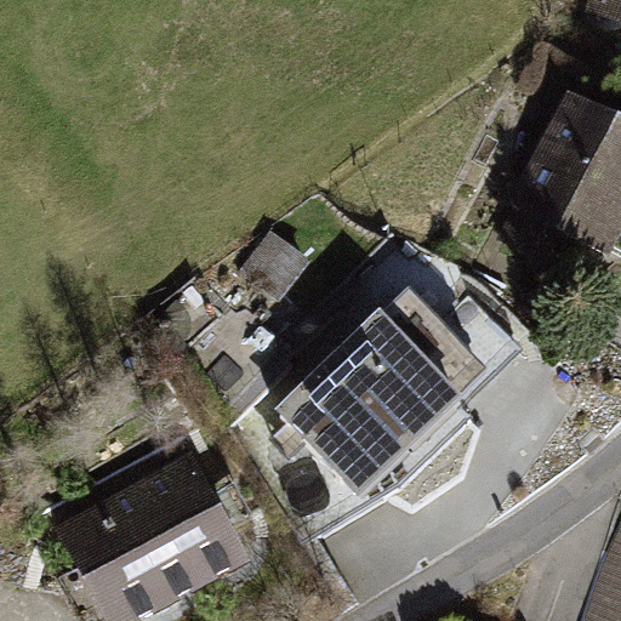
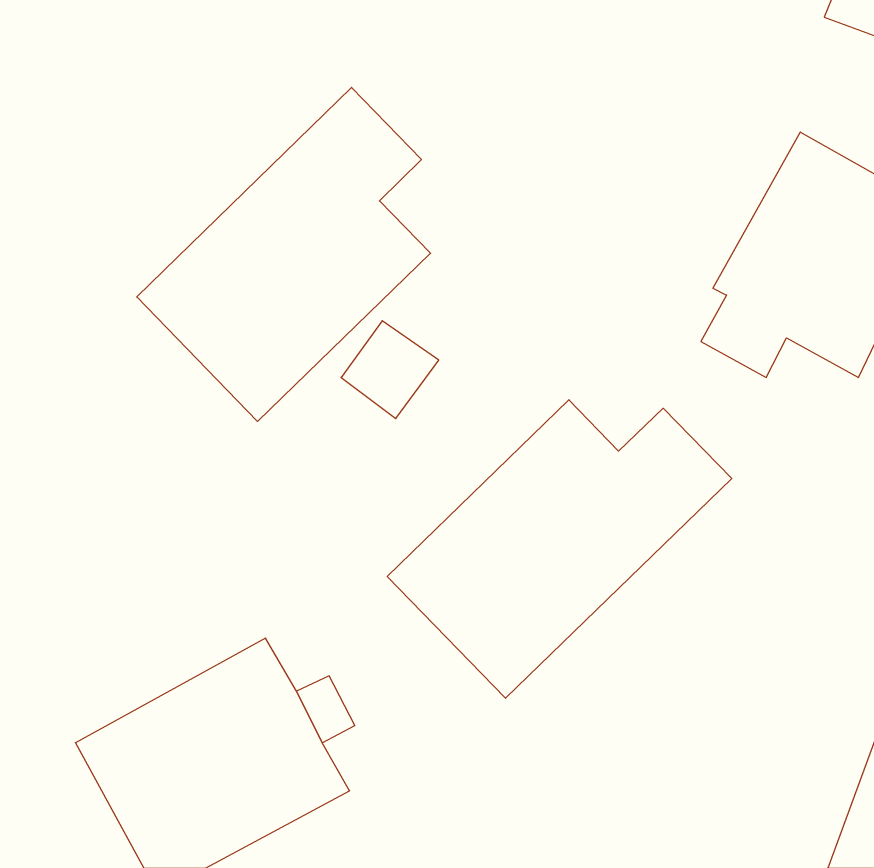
building: none -> [137,87,431,421]

